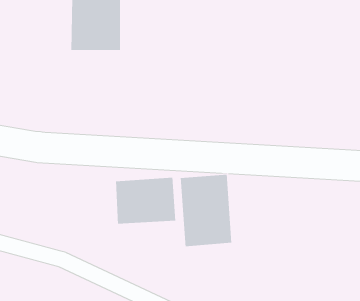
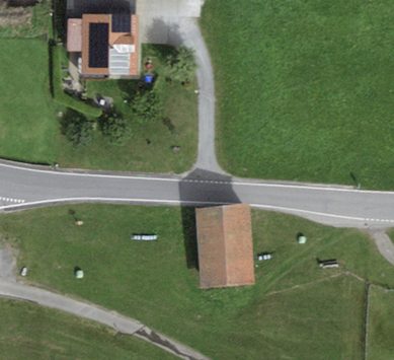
building: [115,177,176,224] -> none

